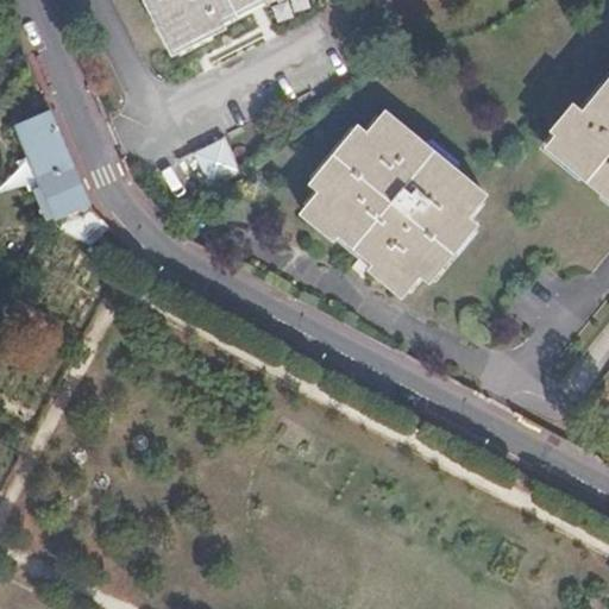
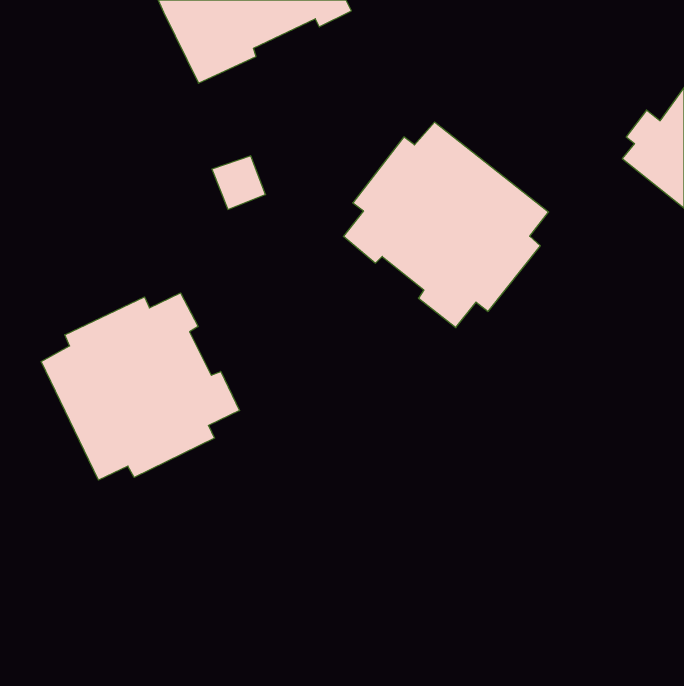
building: [15,112,101,237] -> none
building: none -> [41,293,240,480]

